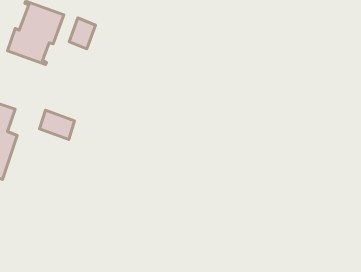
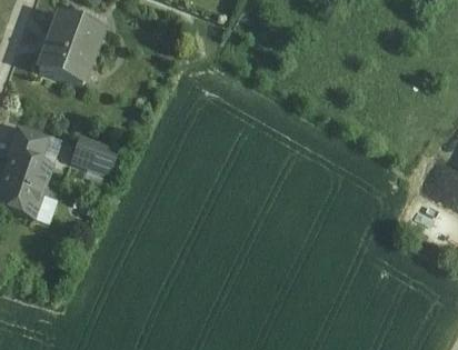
building: [69,18,95,49] -> none

